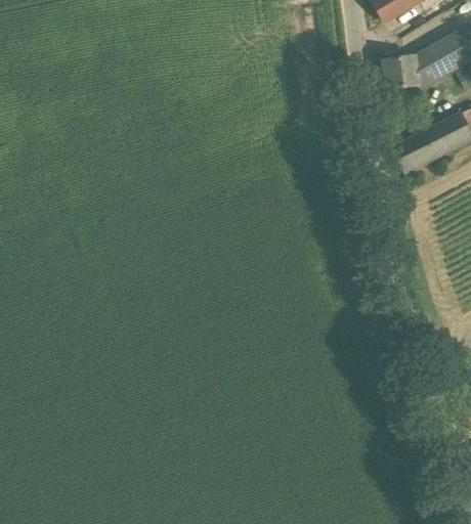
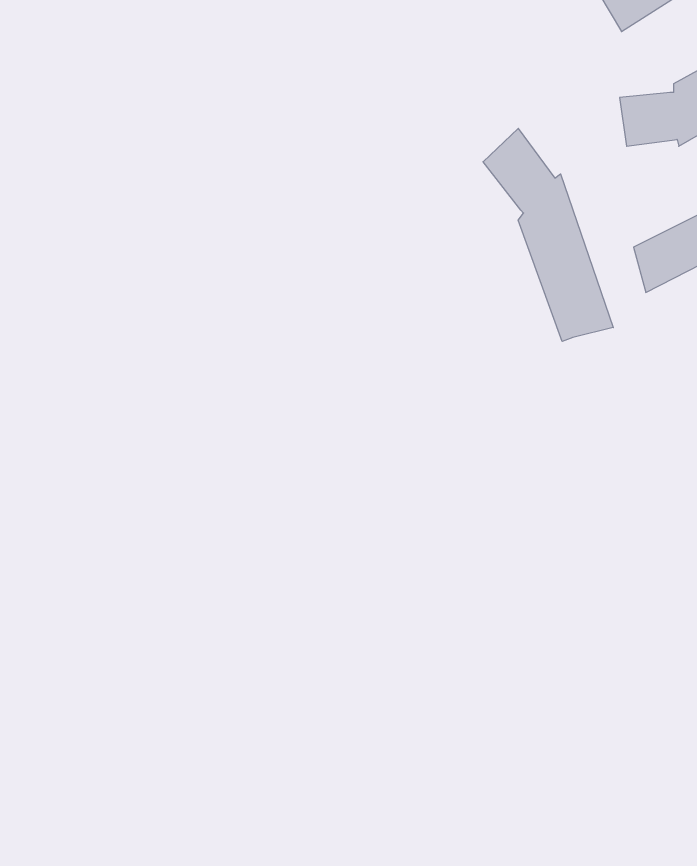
building: none -> [483,128,613,341]

